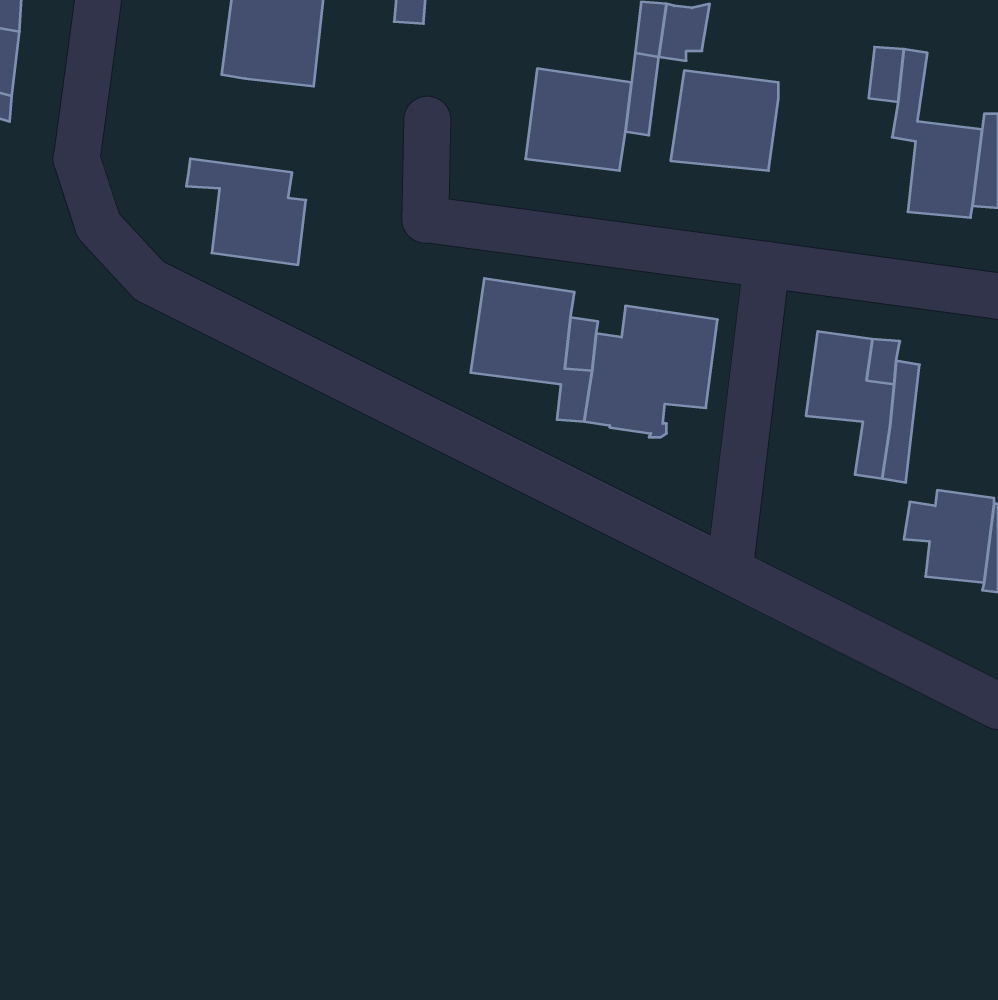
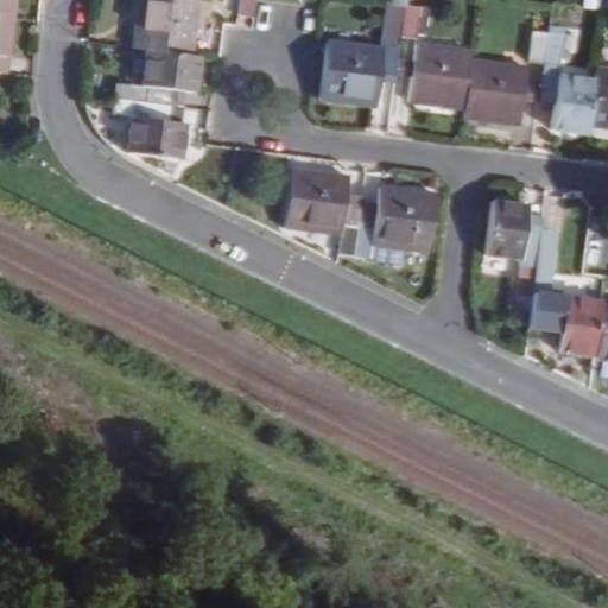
building: none -> [115,48,200,104]
building: none -> [464,59,526,120]

